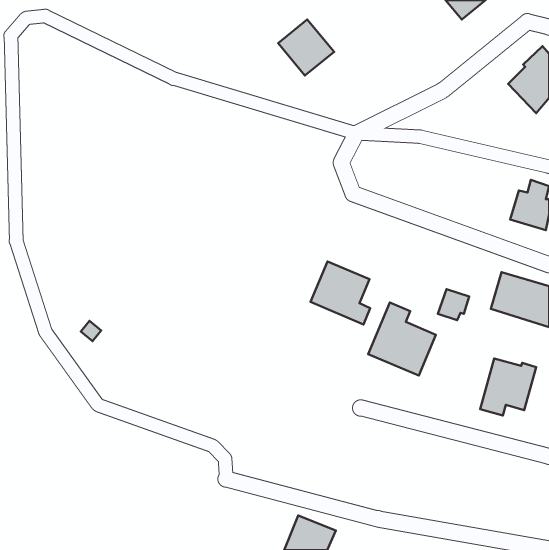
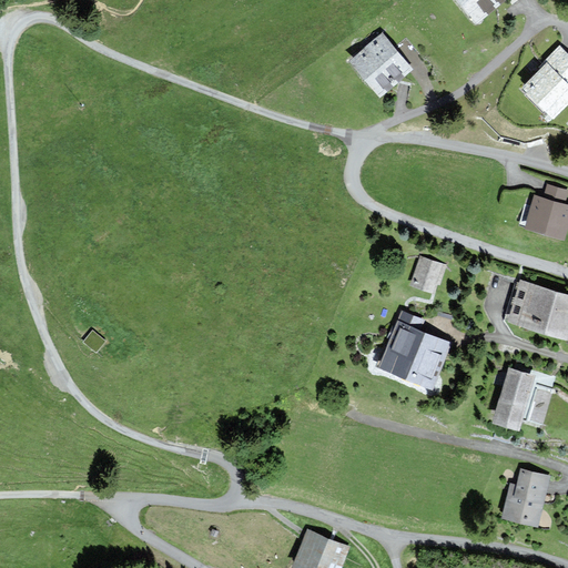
building: [278,20,334,76] -> [352,36,409,93]
building: [311,261,370,324] -> none
building: [438,289,469,320] -> [412,258,444,291]
building: none -> [503,470,547,525]

